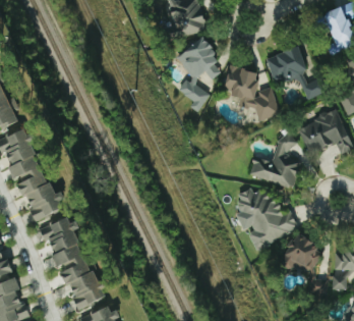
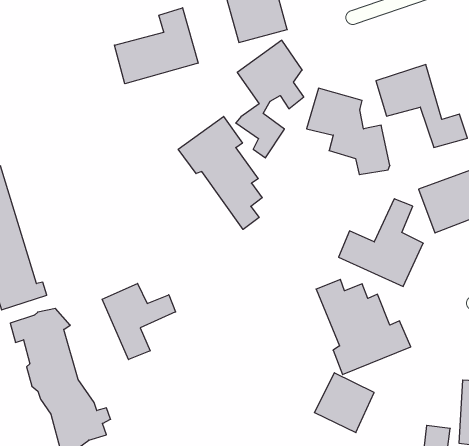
building: none -> [114,8,198,84]
building: none -> [178,116,262,229]
building: none -> [102,283,176,360]
building: [285,235,322,273] -> [314,373,374,433]

